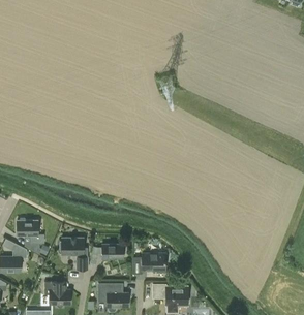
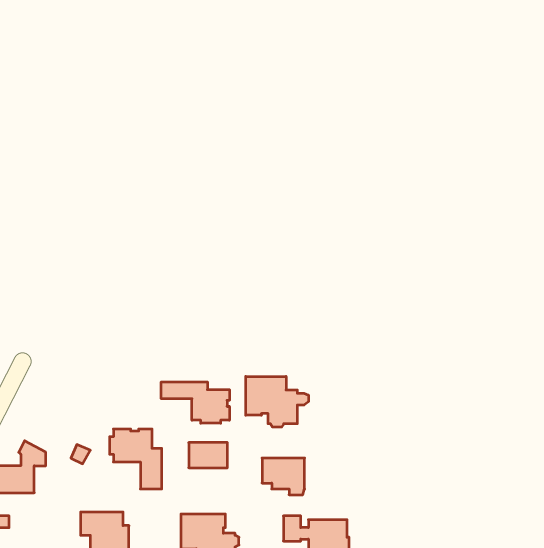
building: none -> [246,376,308,427]
building: none -> [161,382,229,423]
building: [17,219,43,243] -> none

